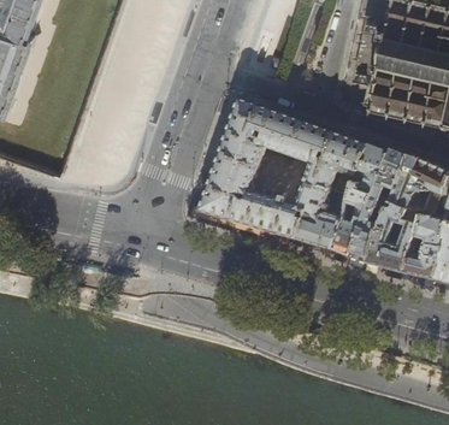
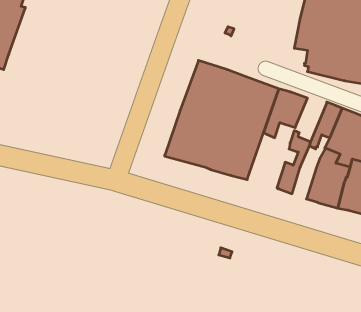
building: [355,143,391,195] -> none
building: [299,184,349,249] -> none
building: [351,200,390,262] -> none

